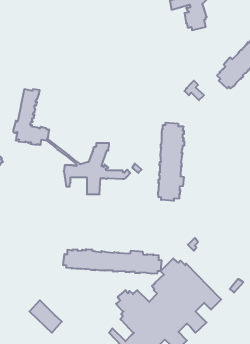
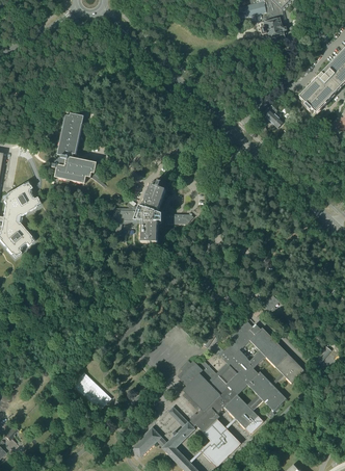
building: [158,123,184,201] -> none
building: [63,249,161,274] -> none

